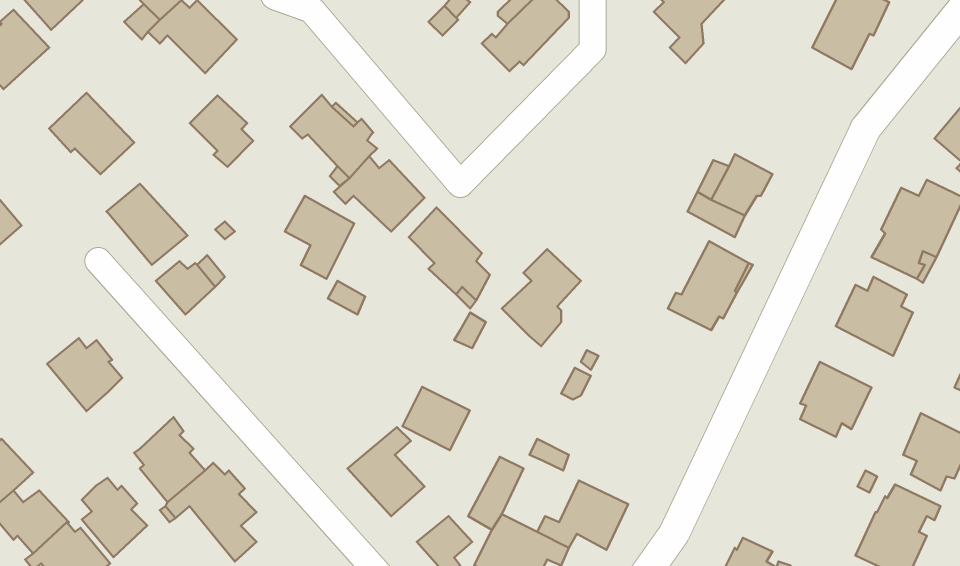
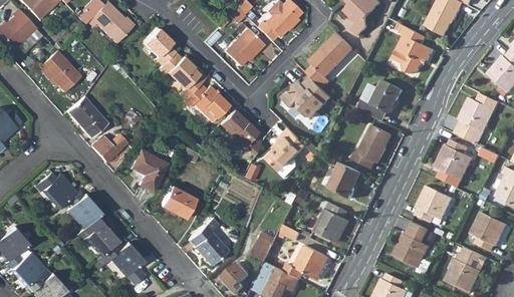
building: none -> [395,23,437,75]
building: none -> [224,26,264,63]
building: none -> [310,32,354,76]
building: [190,95,253,167] -> [144,27,176,63]
building: none -> [282,75,333,116]
building: [285,196,354,279] -> [131,148,166,191]
building: none -> [329,163,364,198]
building: [403,387,470,450] -> [161,186,195,218]
building: none -> [315,202,350,244]
building: none -> [396,223,434,270]
building: [82,478,147,557] -> [67,190,100,230]

